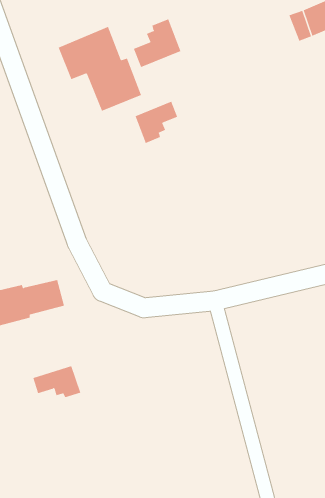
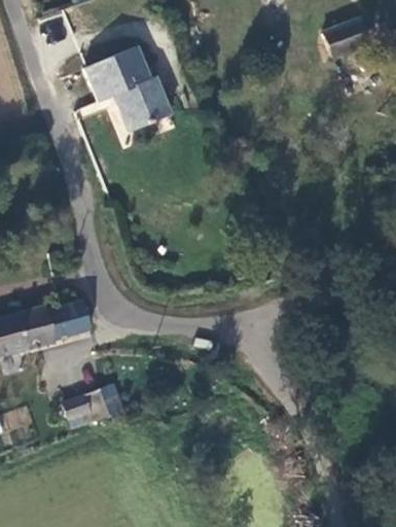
building: [133,19,181,68] -> none
building: [135,101,178,144] -> none

